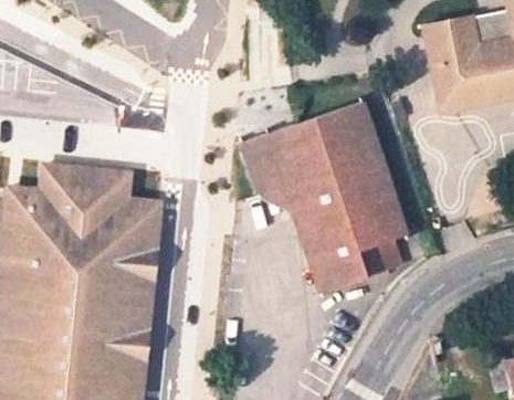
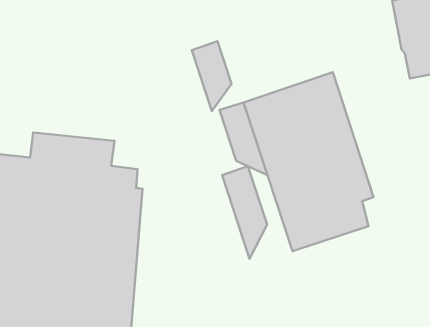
building: none -> [192,41,232,111]
building: none -> [222,166,267,259]

